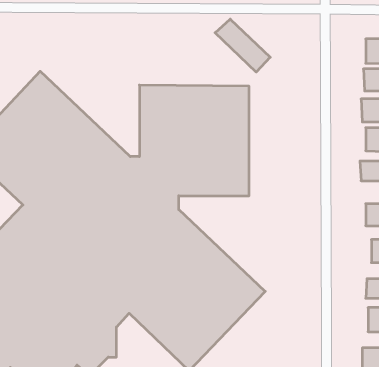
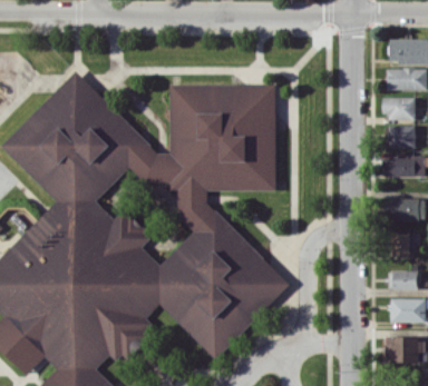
building: [215,19,270,72] -> none

